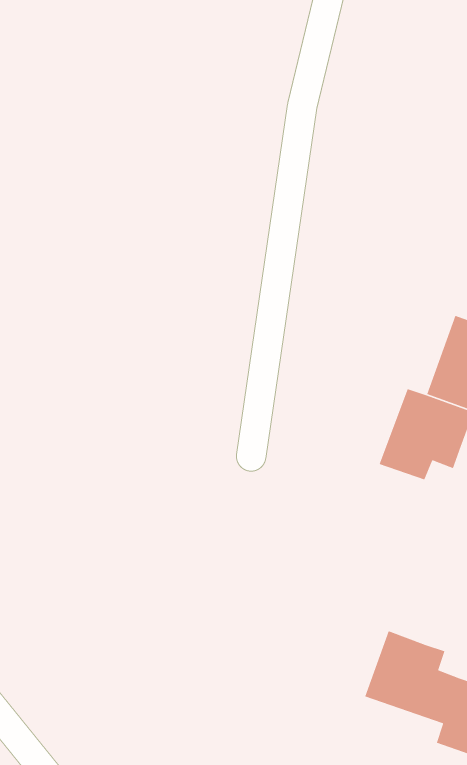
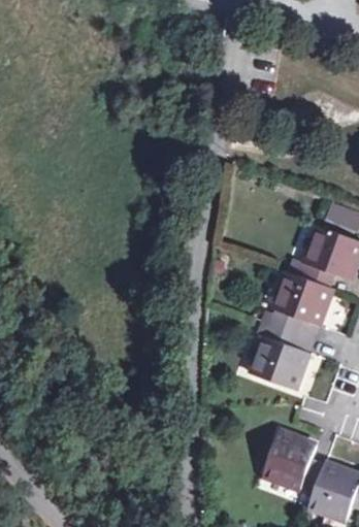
building: none -> [251,324,308,392]

